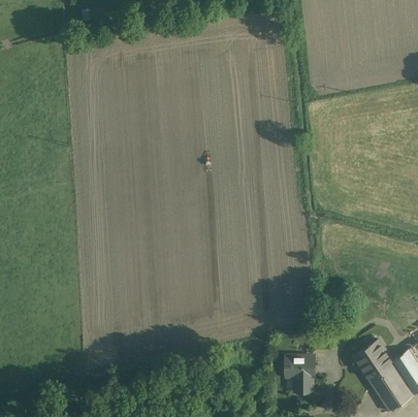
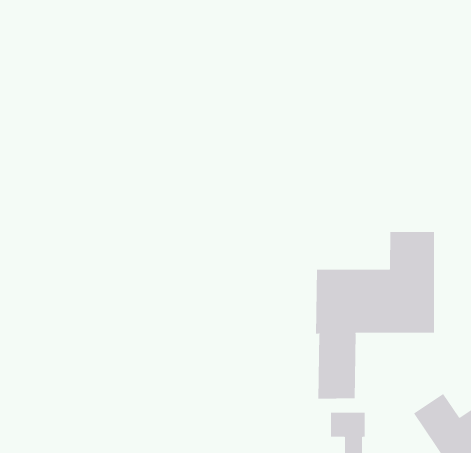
building: none -> [315,231,435,399]

